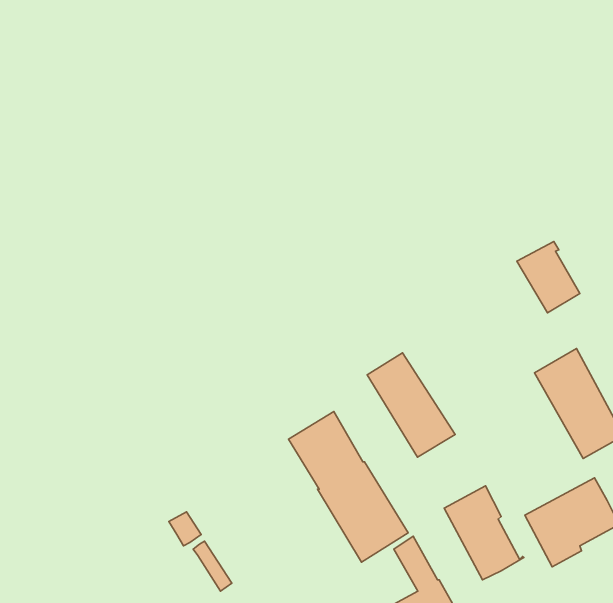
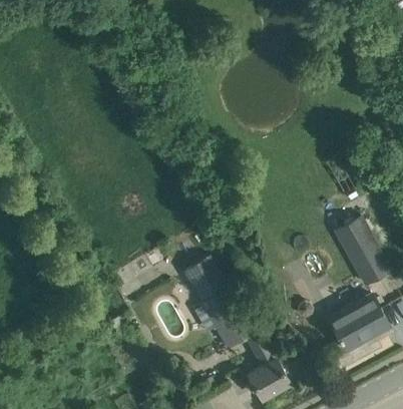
building: [367,353,455,457] -> none
building: [444,486,524,580] -> none

